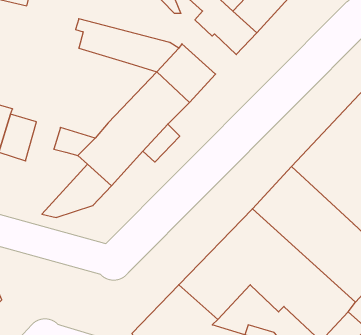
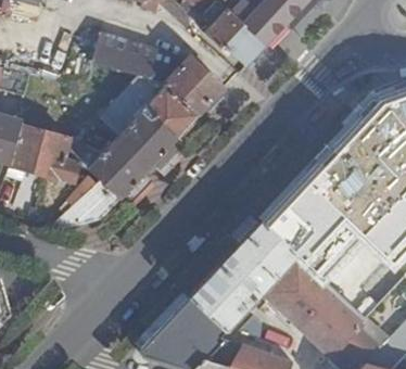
building: none -> [98,75,166,135]
building: none -> [35,133,75,182]

